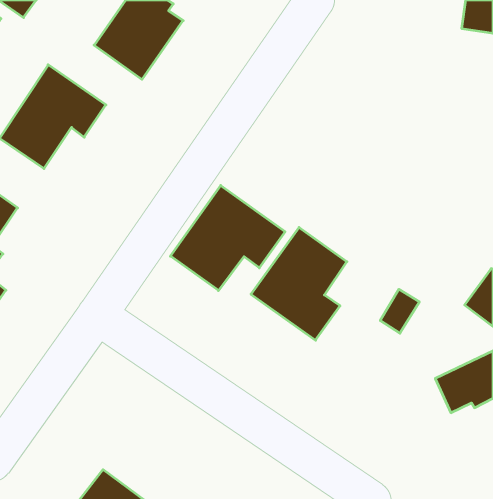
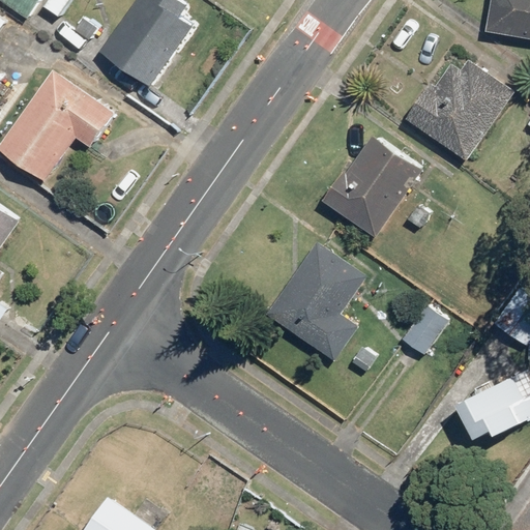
building: none -> [405,57,514,163]
building: none -> [324,137,414,238]
building: [170,185,285,291] -> none

